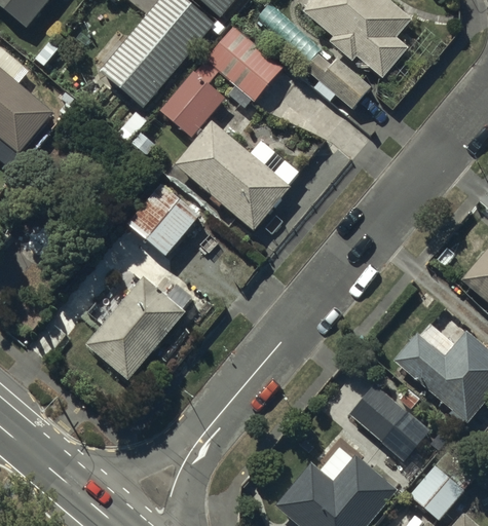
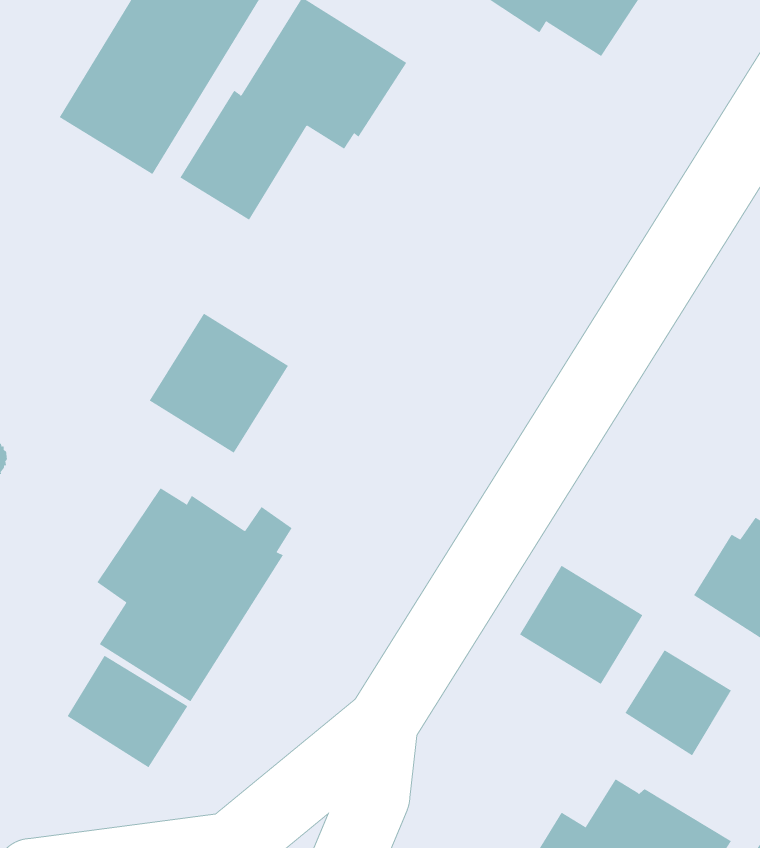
building: [305,53,371,108] -> none
building: [175,121,299,230] -> none
building: none -> [519,565,643,685]
building: none -> [67,655,188,768]

